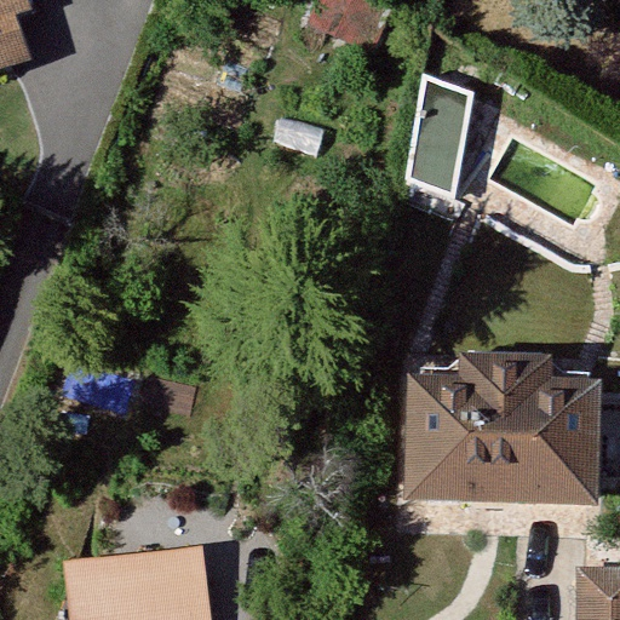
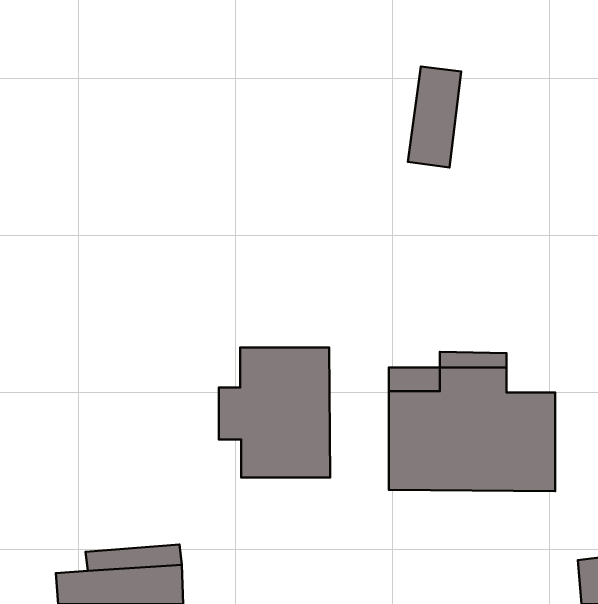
building: none -> [219,348,330,478]

